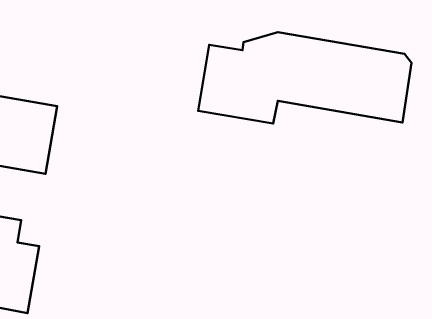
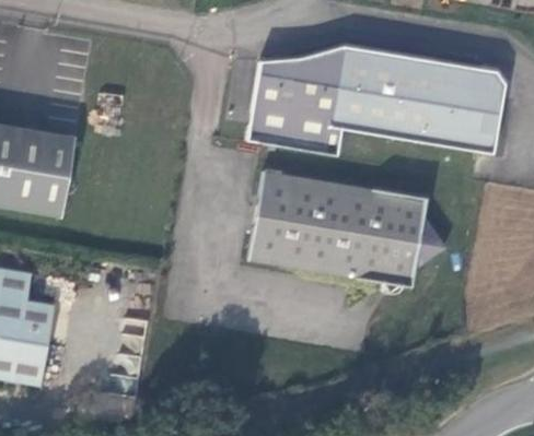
building: none -> [246,169,444,294]

